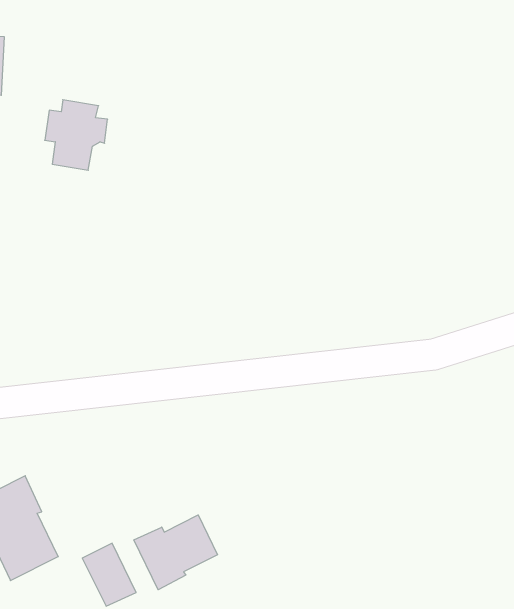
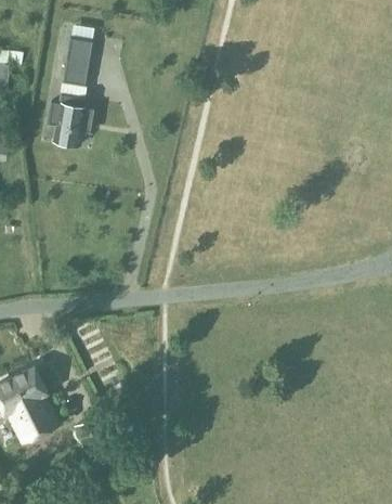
building: none -> [62,38,90,86]
building: [134,515,218,590] -> none

